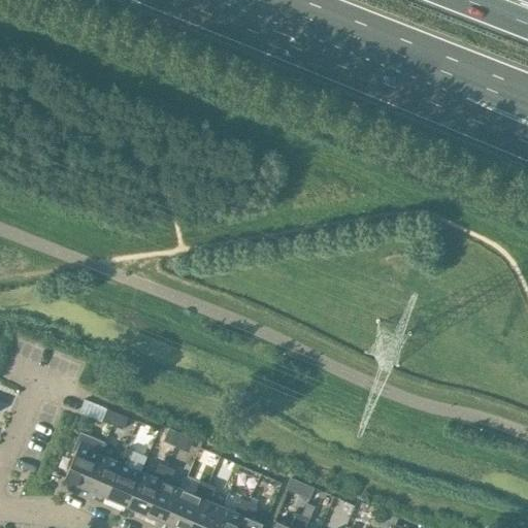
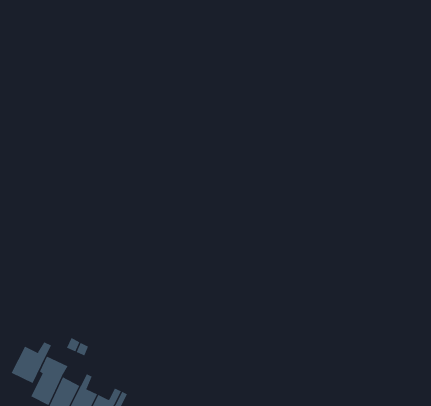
building: none -> [11,341,52,384]

